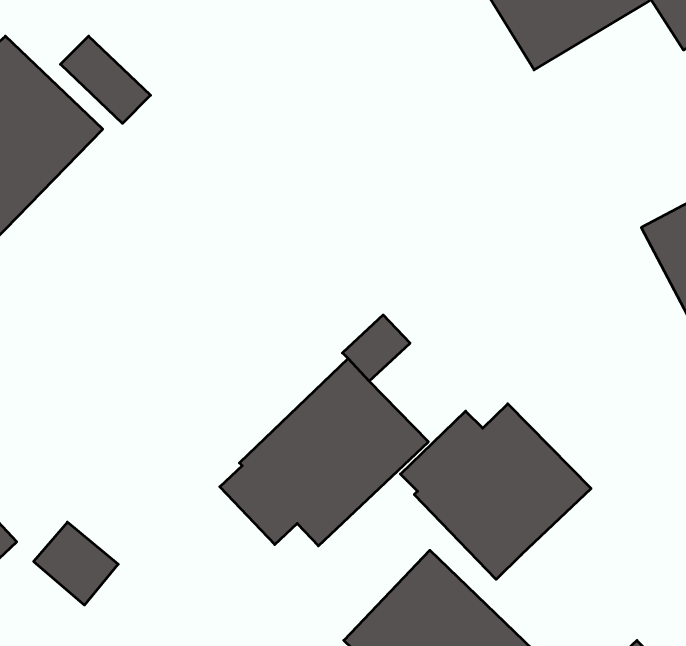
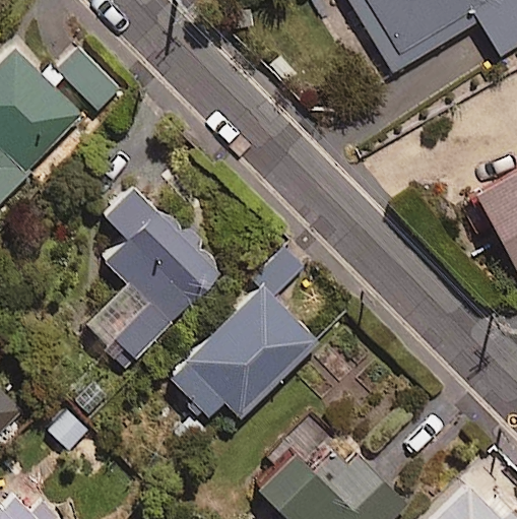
building: none -> [103,185,219,370]
building: [400,404,591,579] -> none

